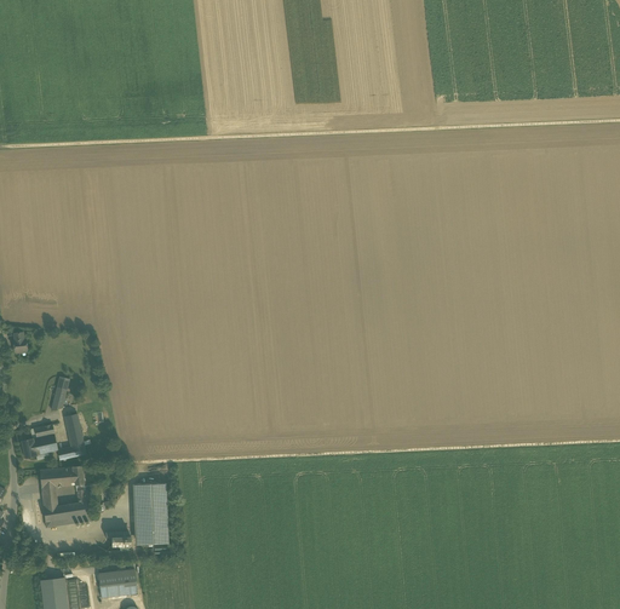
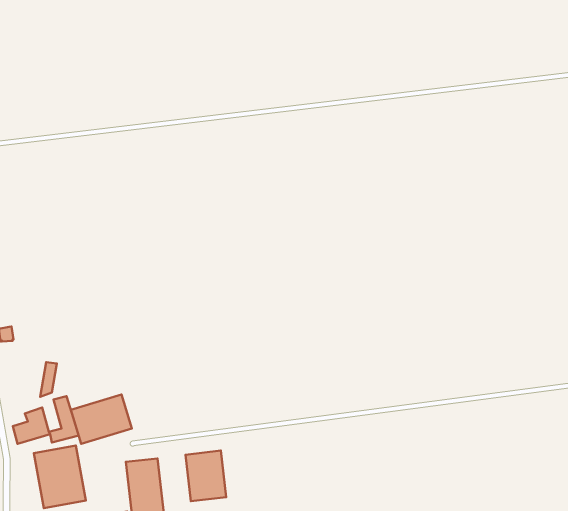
building: none -> [71,395,132,444]
building: none -> [186,451,226,501]

